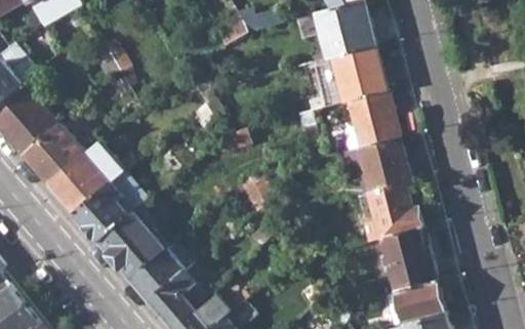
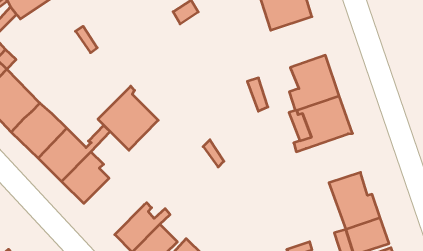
building: [312,47,387,108] -> none
building: [357,183,422,241] -> none
building: [99,207,168,280] -> [98,86,158,150]

